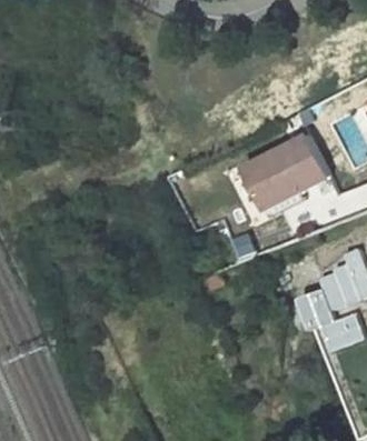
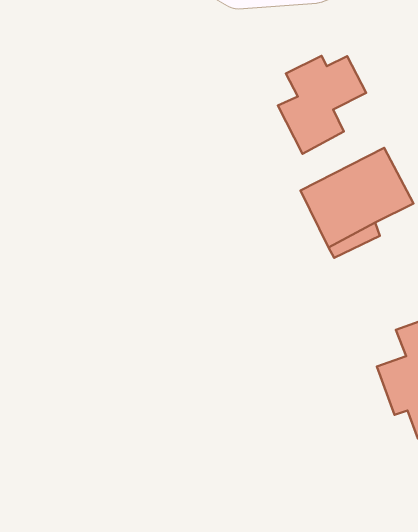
building: none -> [278,56,366,154]

